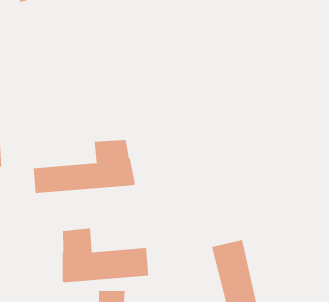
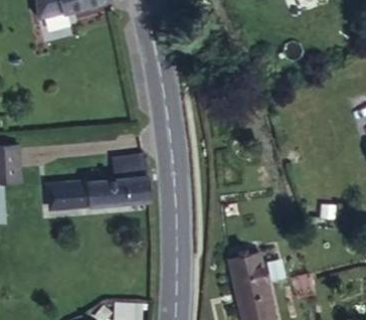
building: [62,227,149,283] -> none

